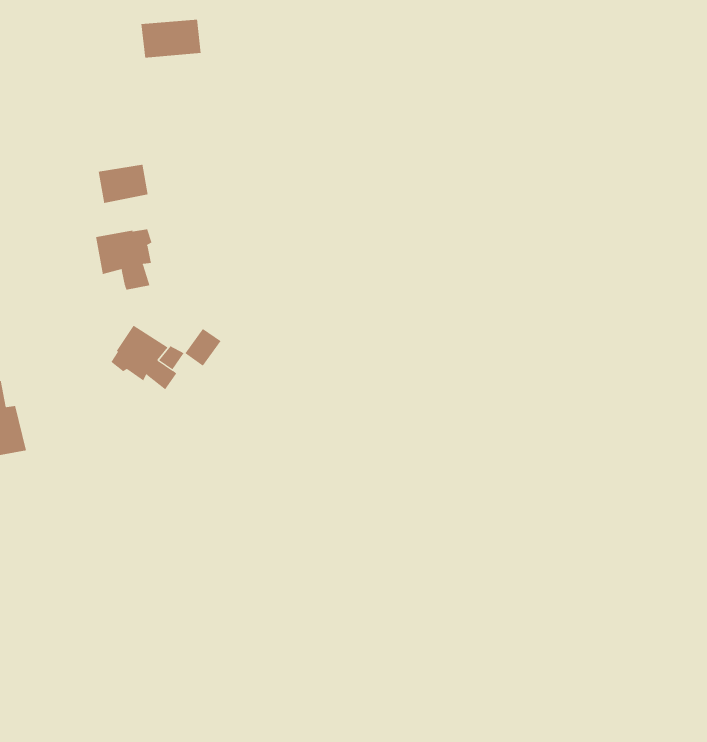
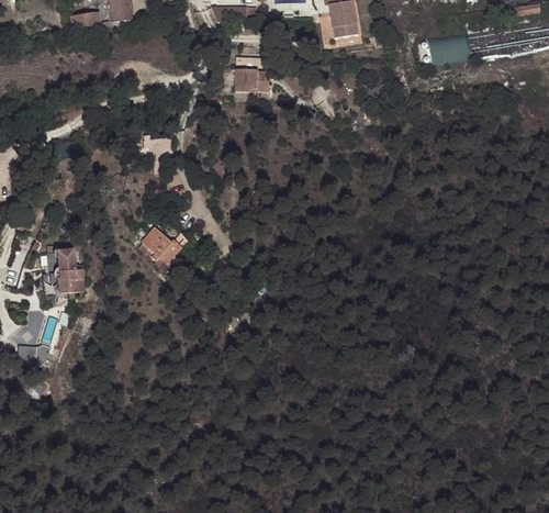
building: [141,19,202,58] -> [235,69,268,90]
building: [96,229,152,291] -> none

